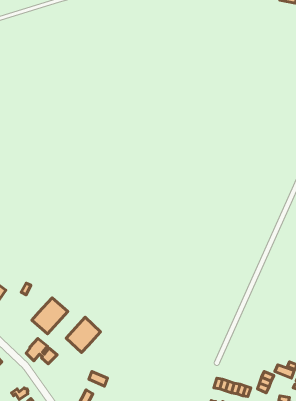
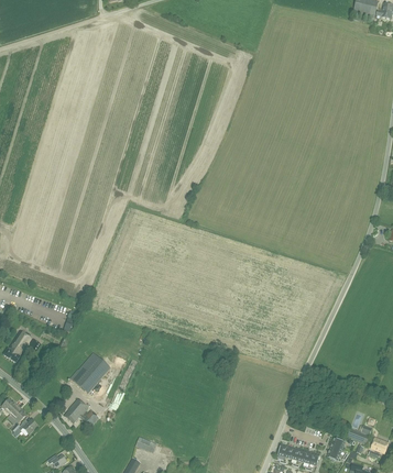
building: [66,317,100,353] -> none

